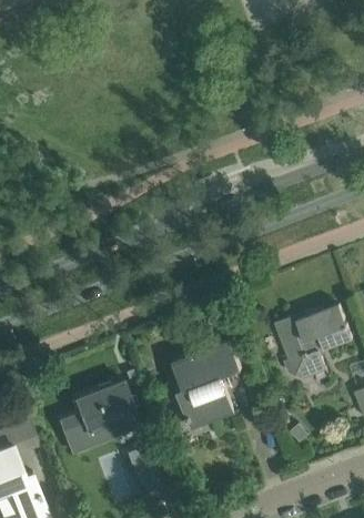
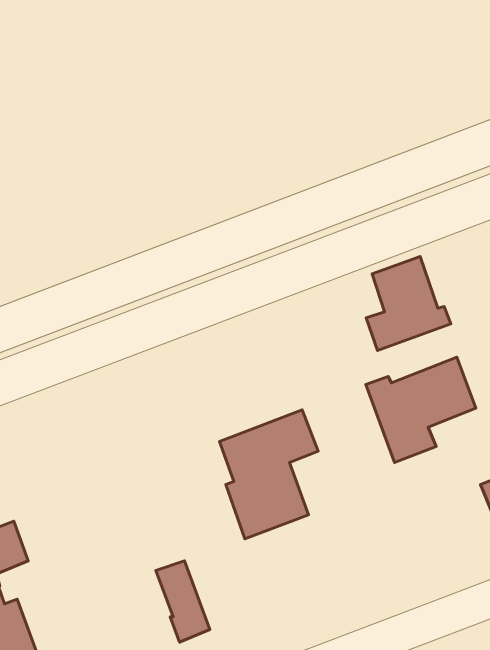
building: none -> [366,257,451,351]
building: [59,382,140,454] -> none

